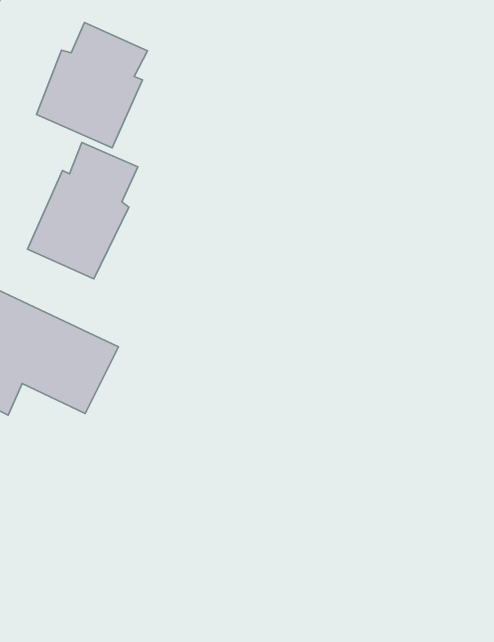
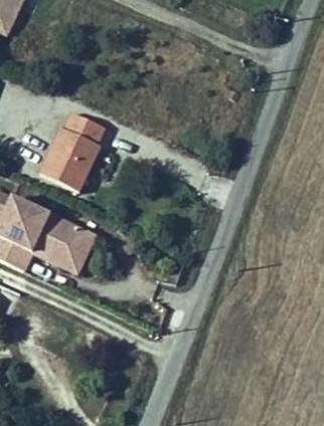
building: [37,22,148,148] -> none

